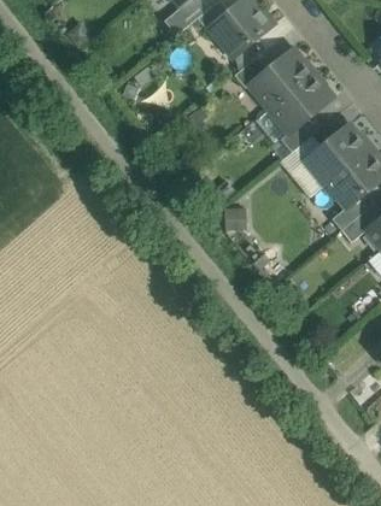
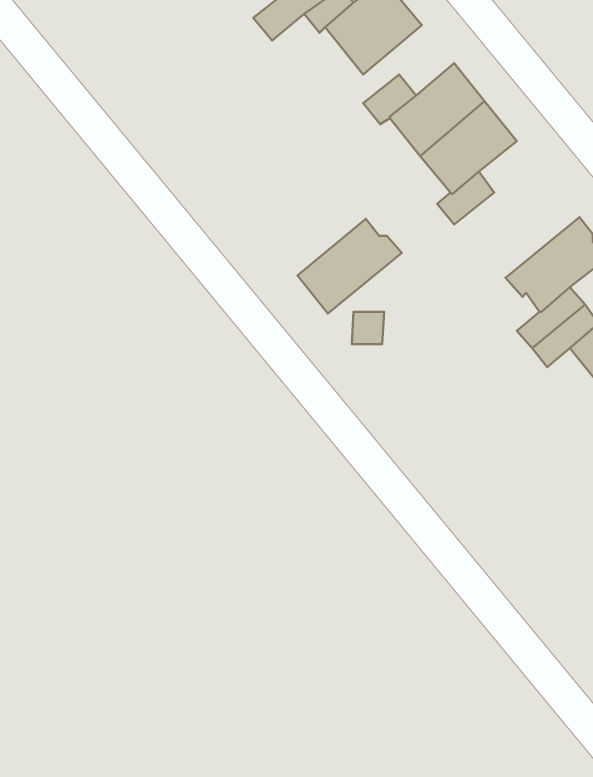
building: [305,125,371,186] -> [298,219,402,314]

